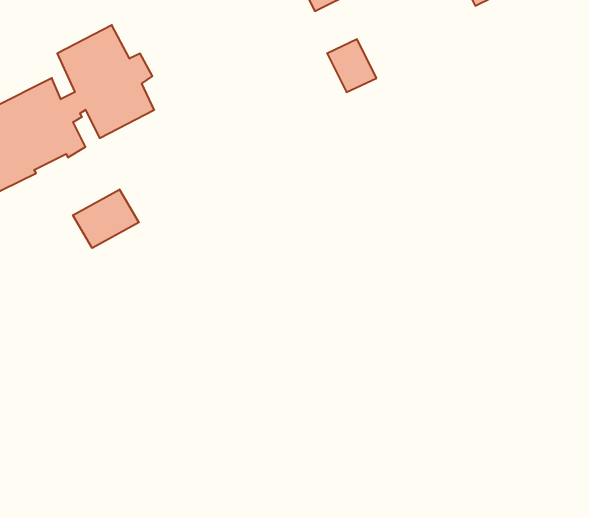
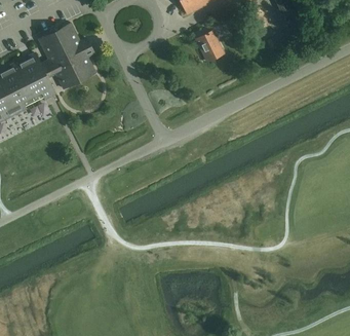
building: [73,189,139,248] -> none

